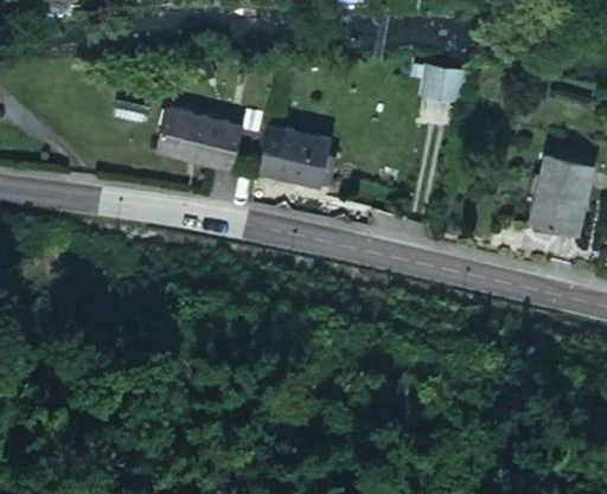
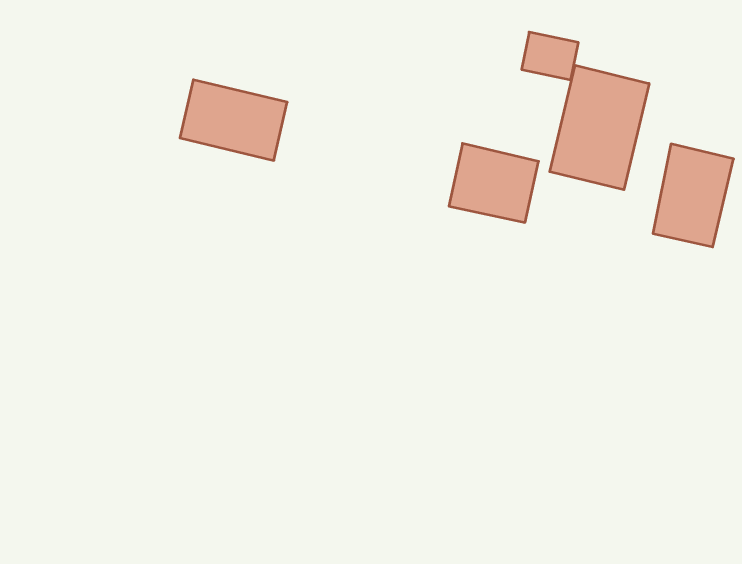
building: none -> [550,65,649,190]
building: [258,127,330,190] -> [449,143,539,222]

